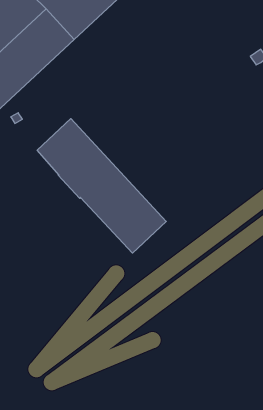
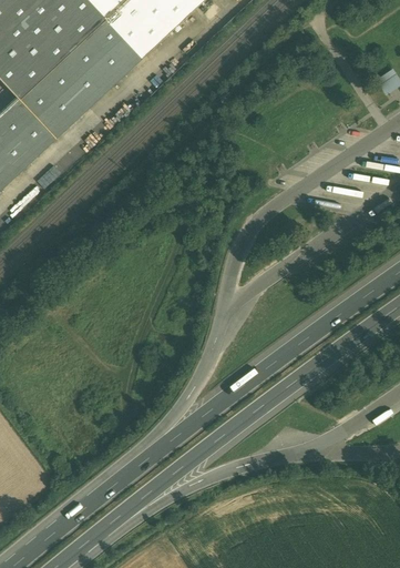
building: [37,119,166,253] -> none

